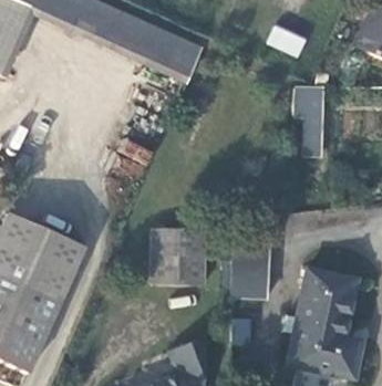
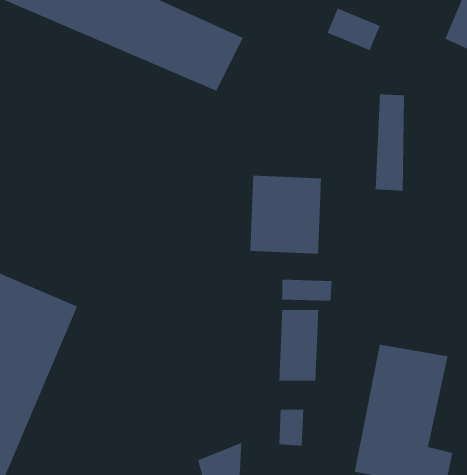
building: [149,229,203,288] -> [250,175,322,255]

